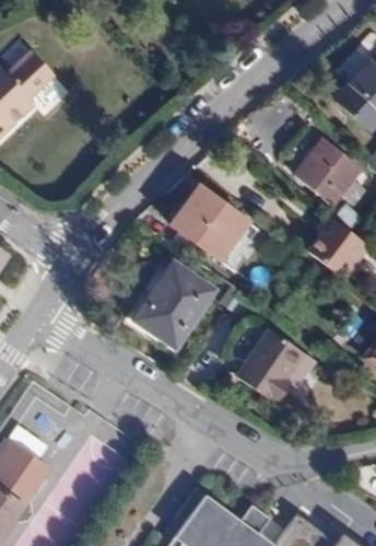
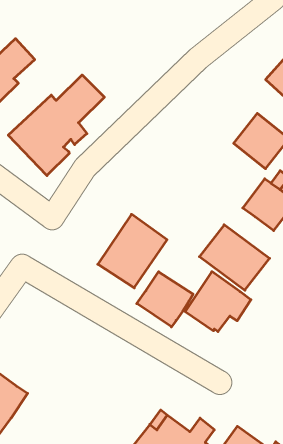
building: none -> [8,75,104,176]
building: [172,190,256,269] -> [199,225,270,290]
building: none -> [137,272,193,327]

